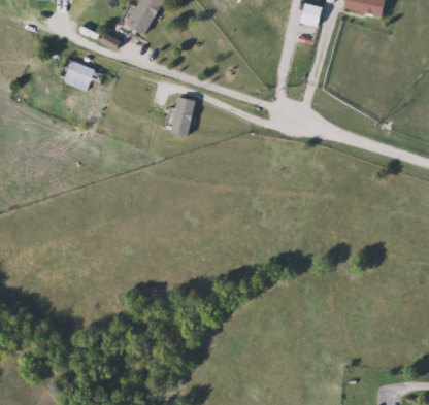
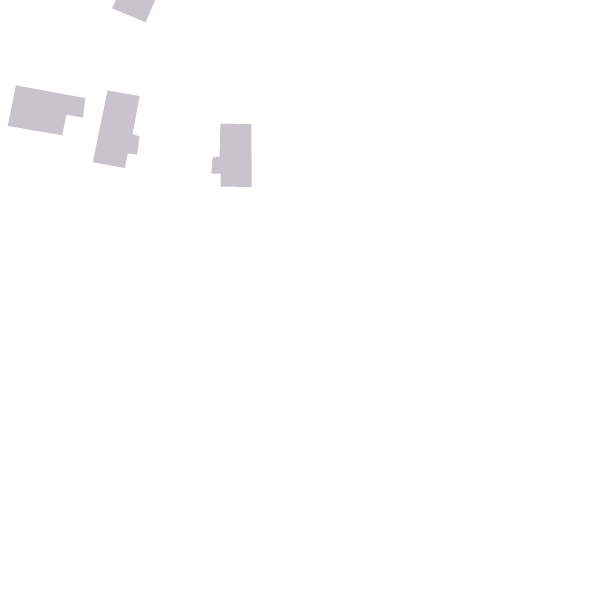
building: none -> [92,90,140,169]

